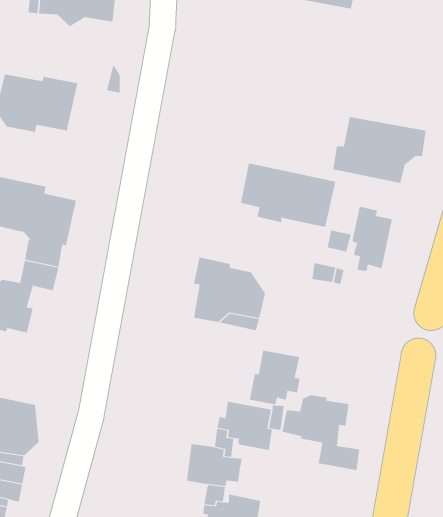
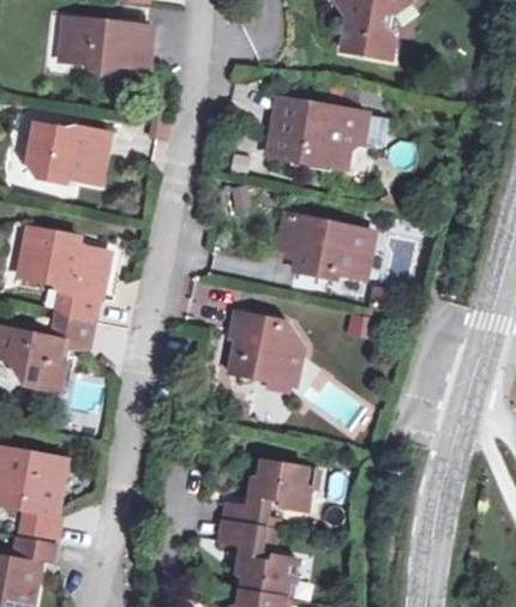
building: [333,117,427,183] -> [269,100,365,168]
building: [352,206,393,272] -> none
building: [249,350,300,405] -> none
building: [282,394,360,471] -> none

